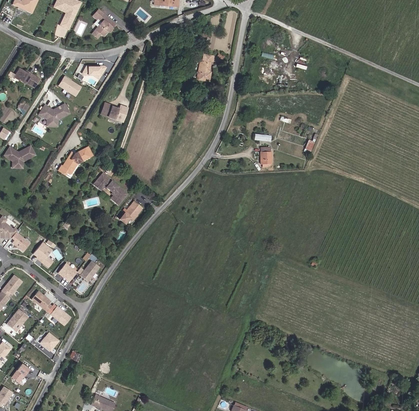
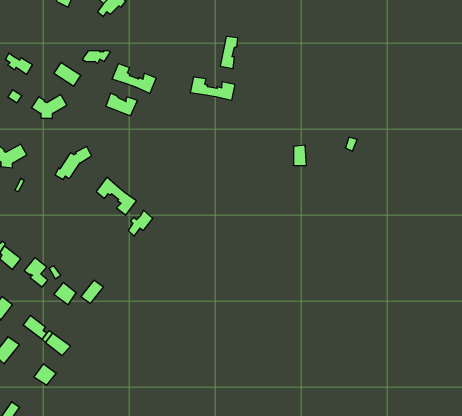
building: none -> [112,64,156,94]
building: none -> [190,77,235,100]

